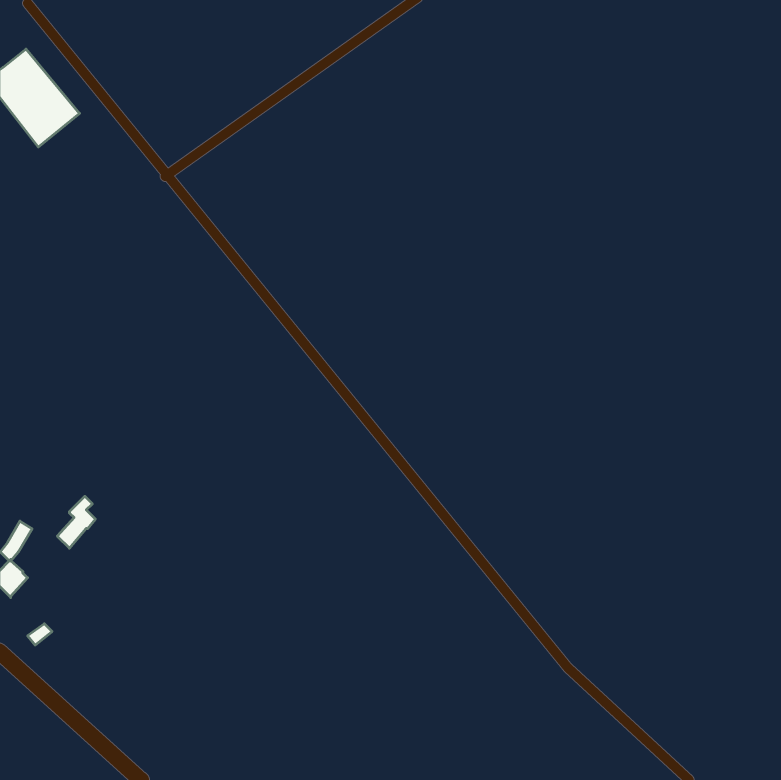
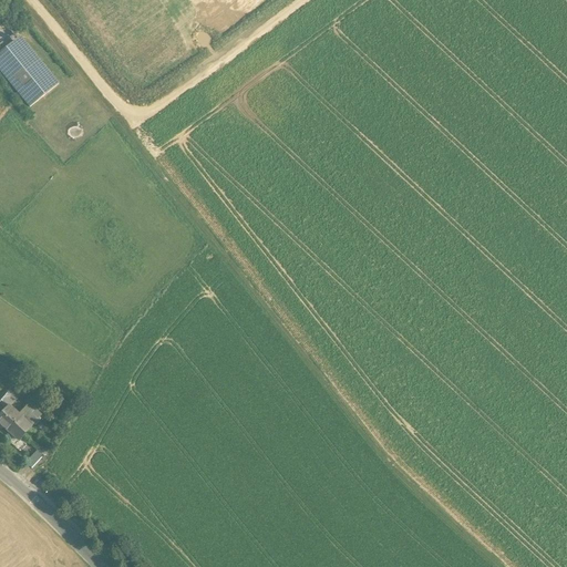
building: [57,496,95,548] -> [8,402,35,440]

